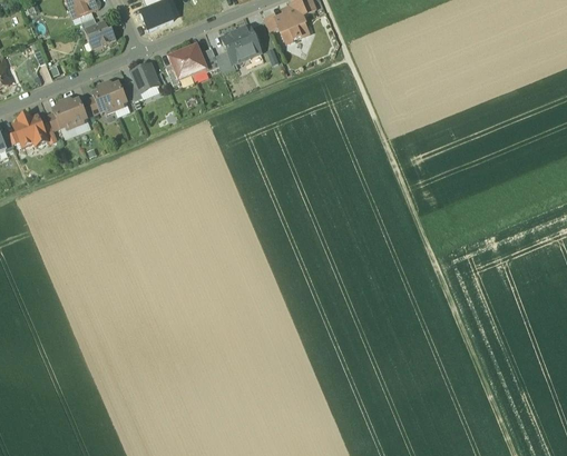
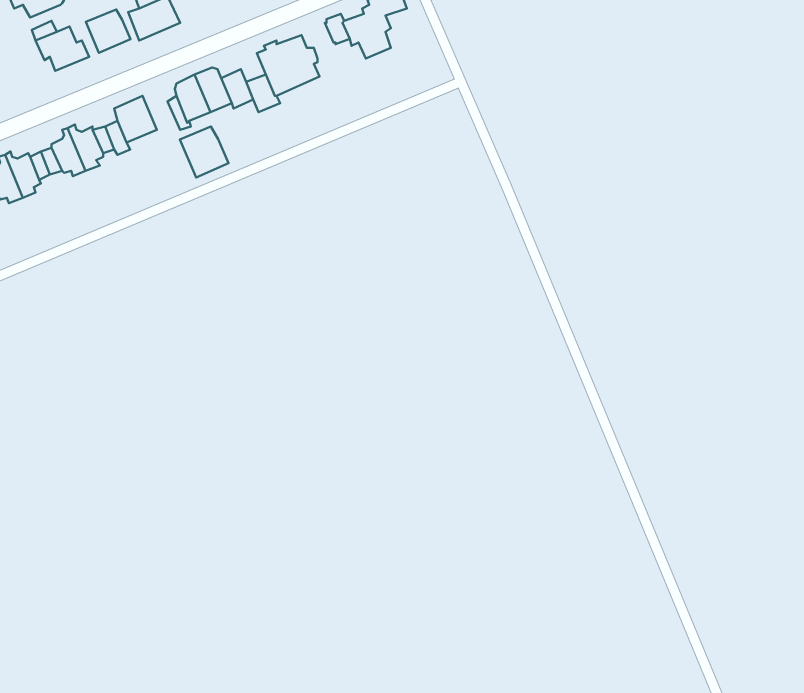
building: none -> [86,10,130,53]
building: none -> [180,127,228,177]

